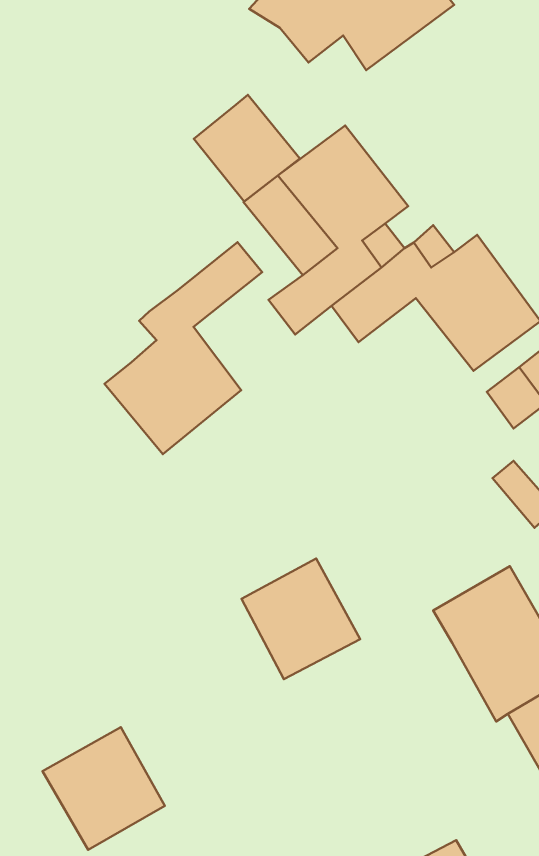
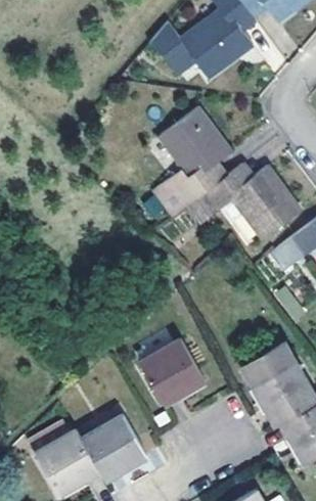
building: [194,95,300,202] -> none
building: [104,242,262,454] -> none
building: none -> [82,416,146,480]

